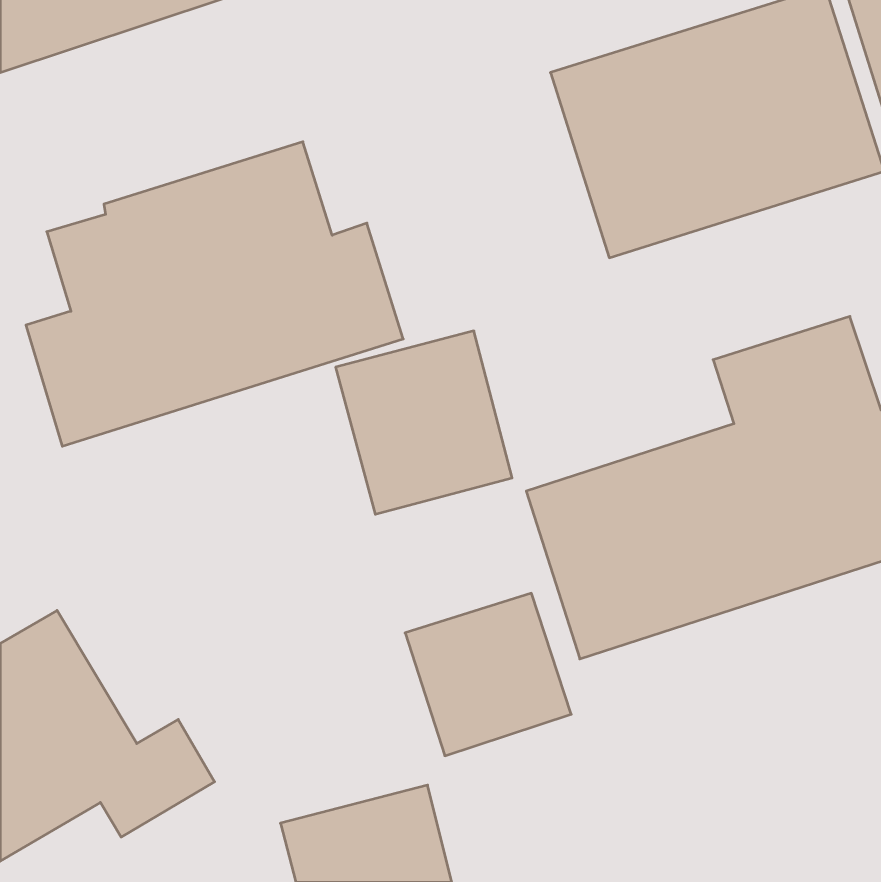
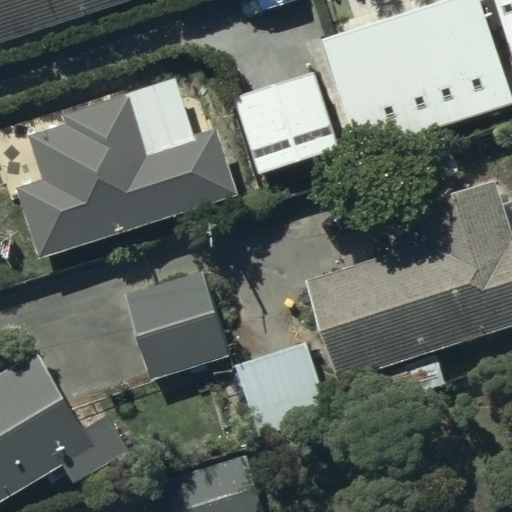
building: none -> [233,71,338,173]
building: [336,331,512,514] -> [125,271,227,377]

